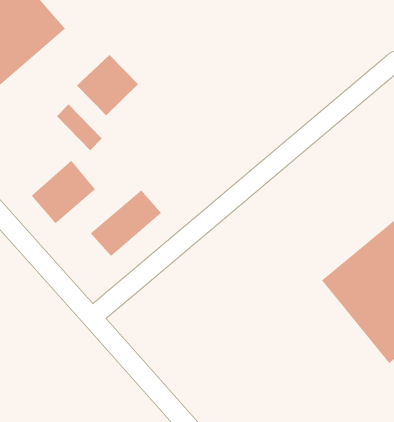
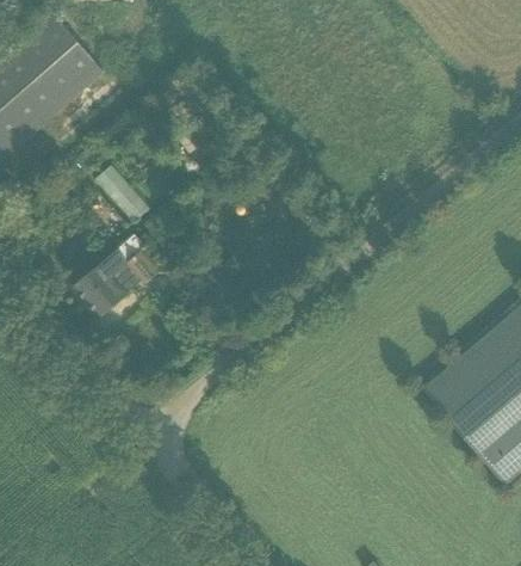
building: [76,54,139,116] -> none
building: [90,189,162,257] -> none

